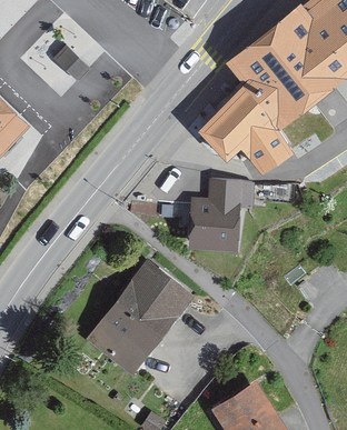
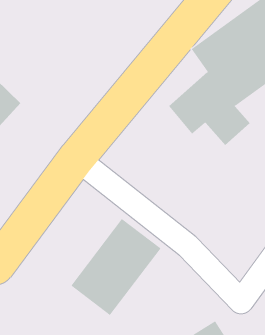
building: [191,182,254,252] -> none

